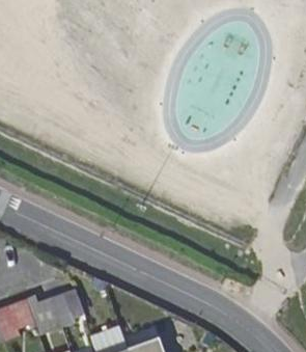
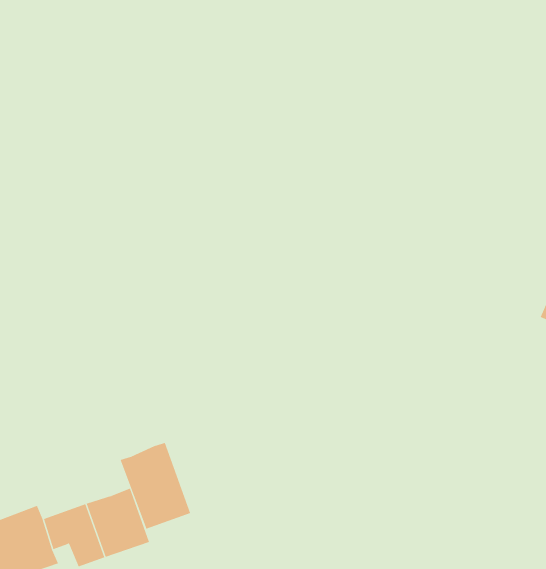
building: none -> [120,442,191,529]

